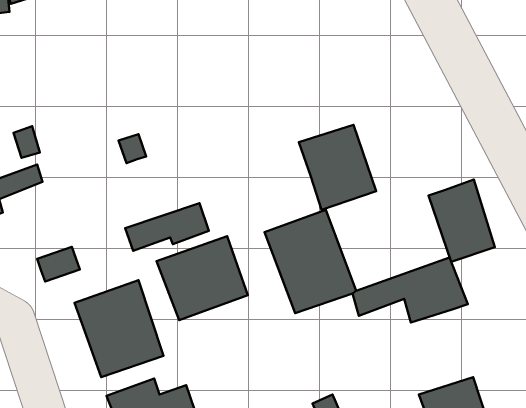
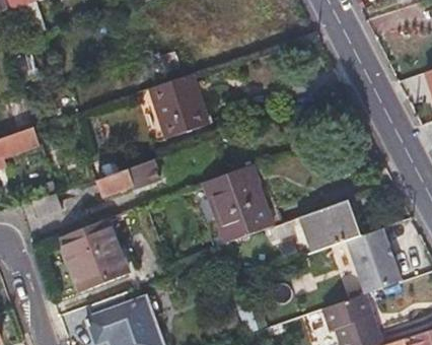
building: [299,125,376,210] -> [153,74,212,139]
building: [429,180,495,262] -> [347,228,398,291]
building: [157,236,248,320] -> none

